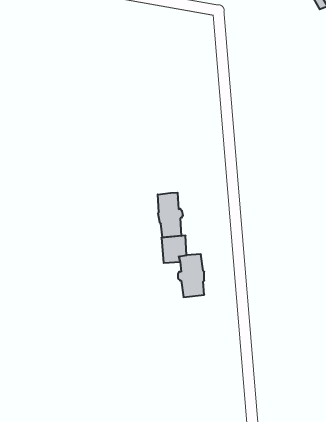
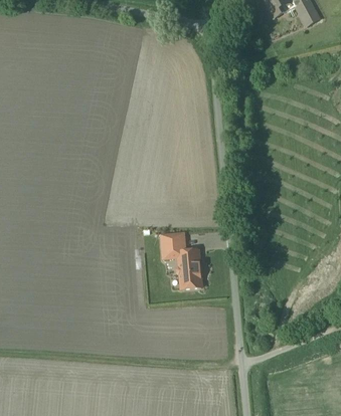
building: [158,193,183,238] -> none

